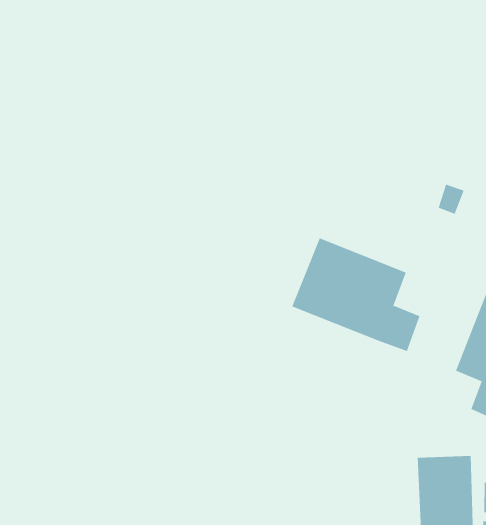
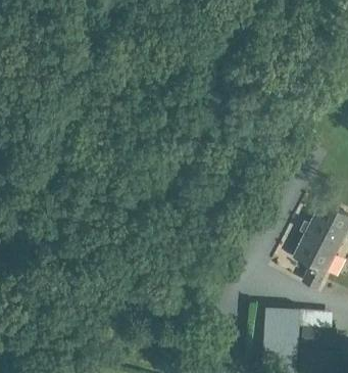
building: [292,238,420,352] -> none

